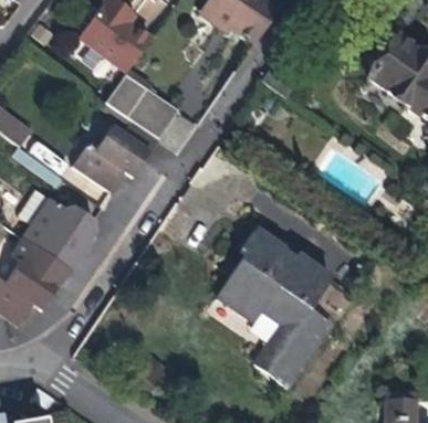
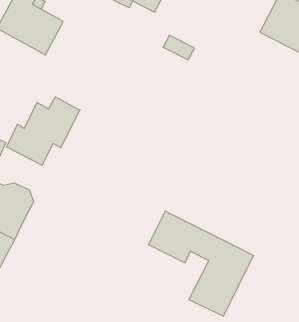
building: [108,74,179,138] -> none
building: [238,226,332,309] -> none

